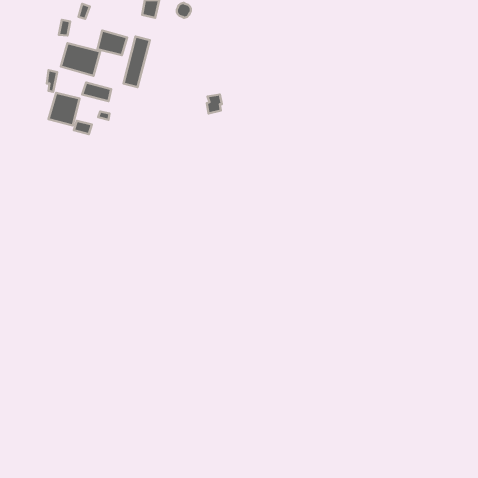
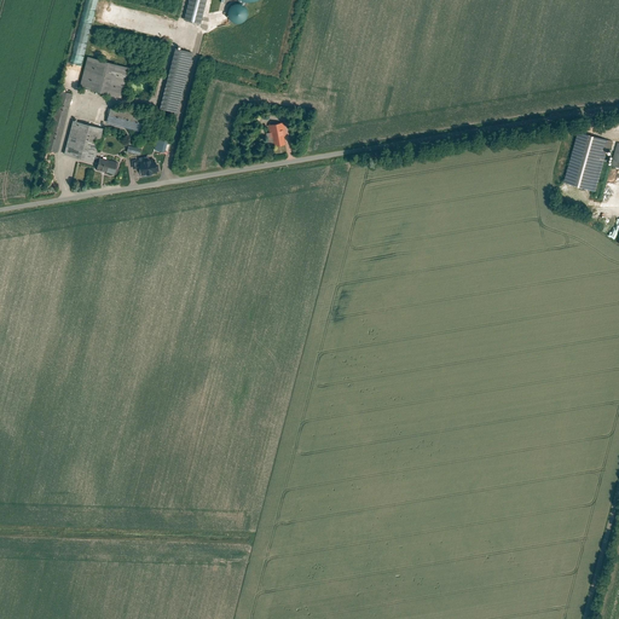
building: [97,30,127,55] -> none
building: none -> [563,132,611,192]

